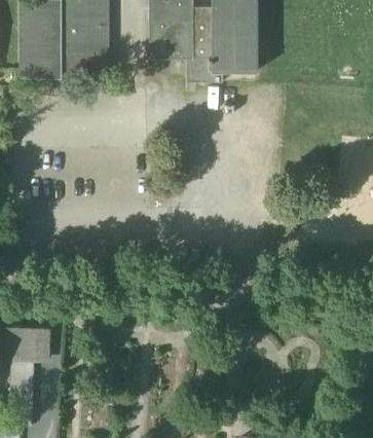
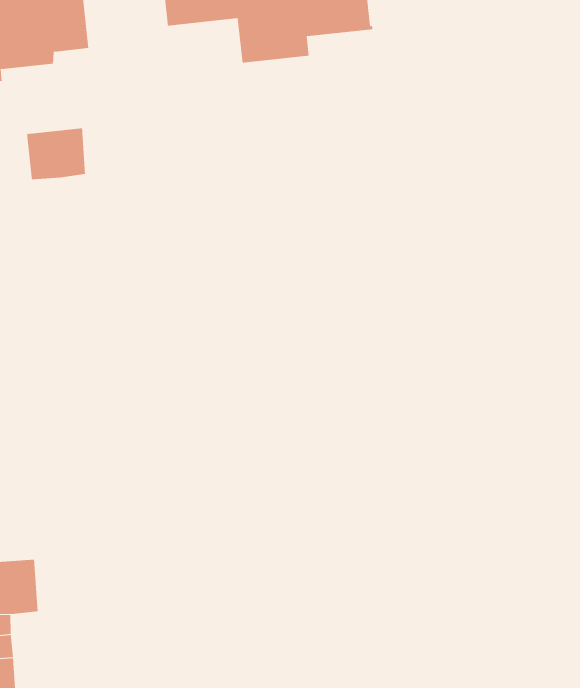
building: none -> [27,128,85,180]

